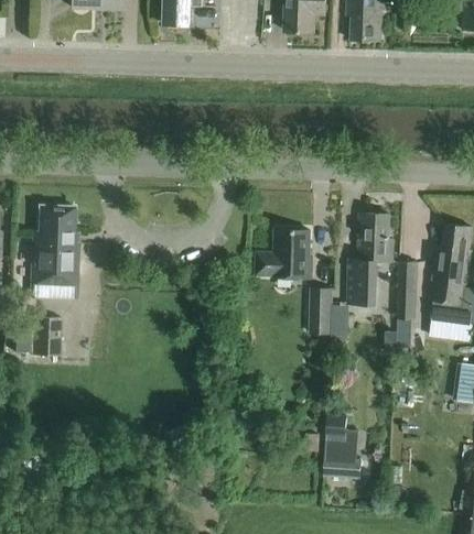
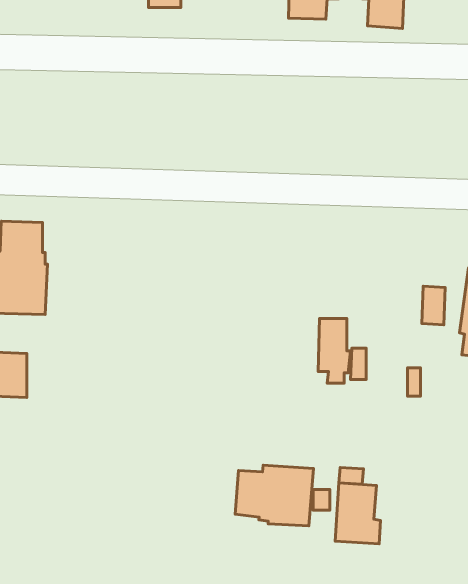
building: [346,214,392,304] -> none
building: [255,228,314,280] -> none
building: none -> [235,465,314,526]

